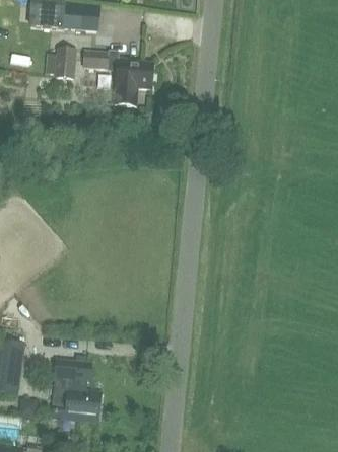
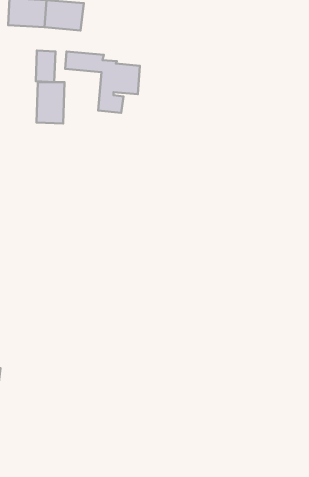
building: none -> [37,82,65,124]
building: [52,358,100,422] -> none

